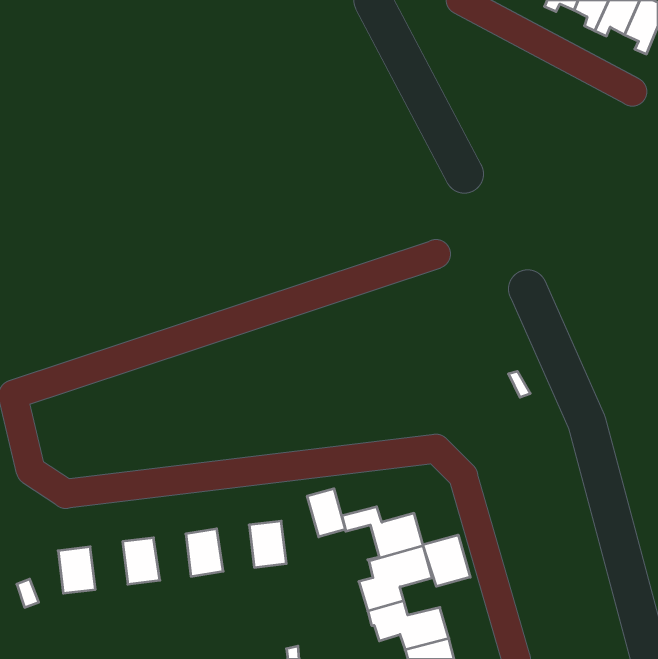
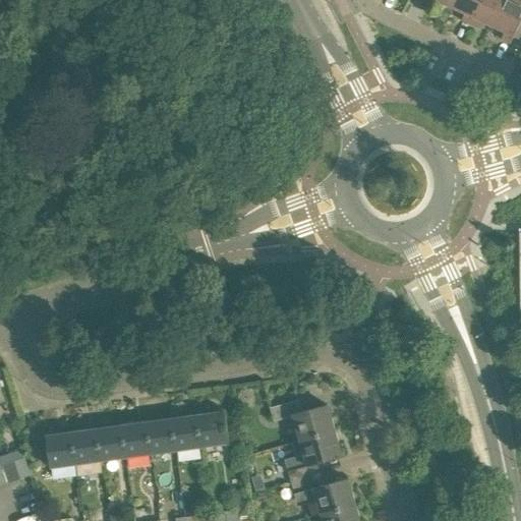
building: [307,489,345,537] -> none
building: none -> [171,414,200,451]
building: none -> [121,421,151,458]
building: [423,535,470,586] -> none
building: none -> [71,427,101,465]

